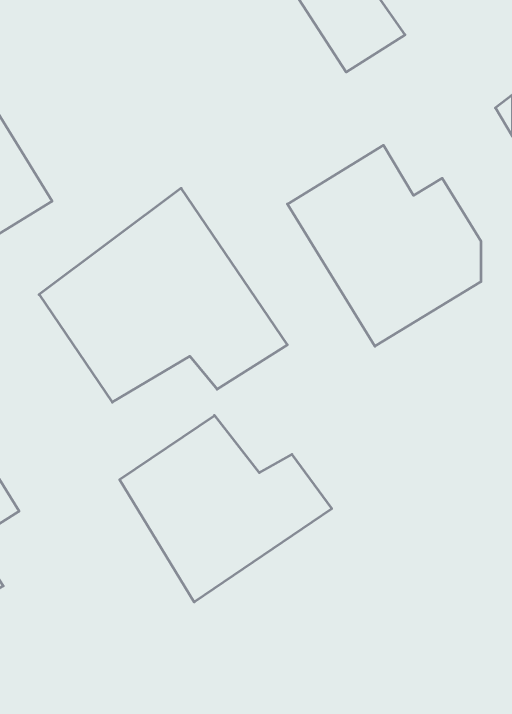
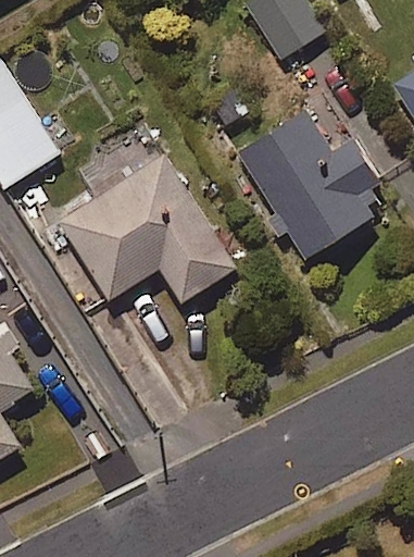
building: [120,415,332,602] -> none

